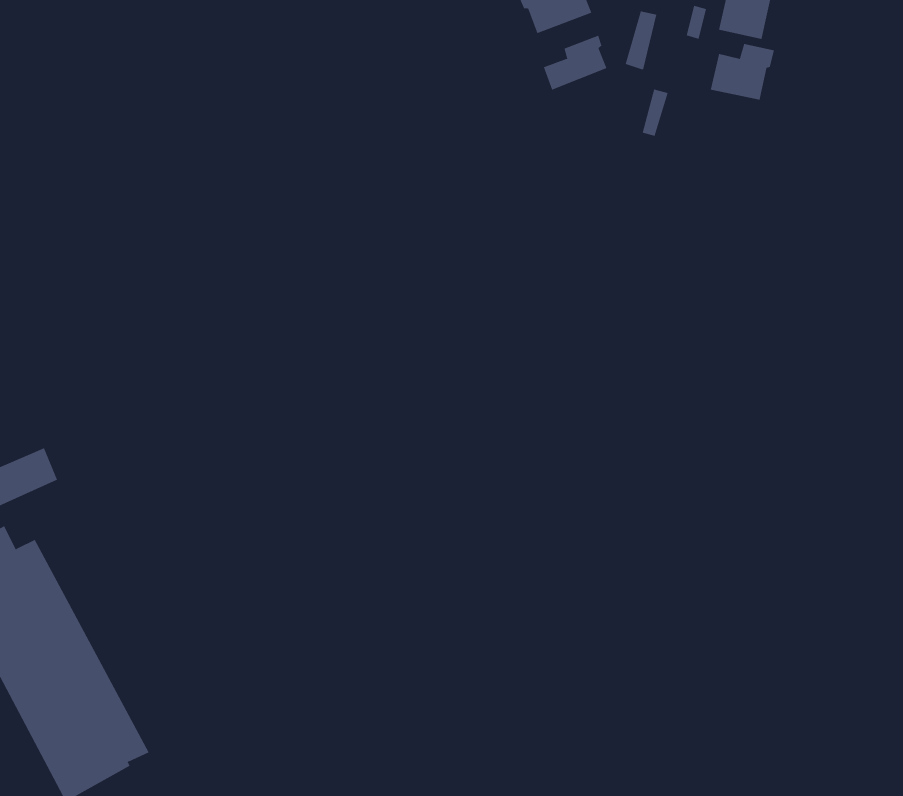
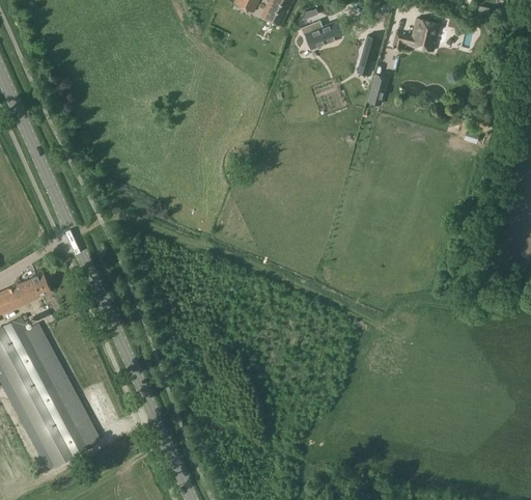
building: [543,35,607,90] -> none
building: [710,43,775,101] -> none

